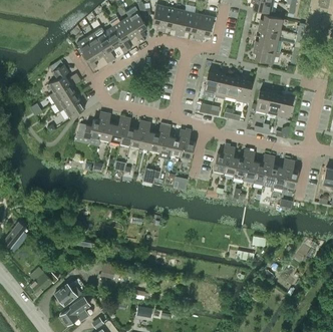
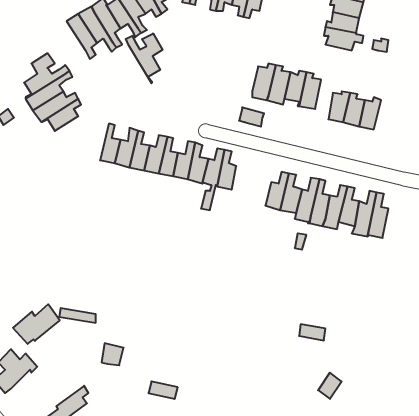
building: none -> [126,33,163,83]
building: [77,112,106,139] -> none
building: [54,279,86,306] -> [13,304,60,344]

